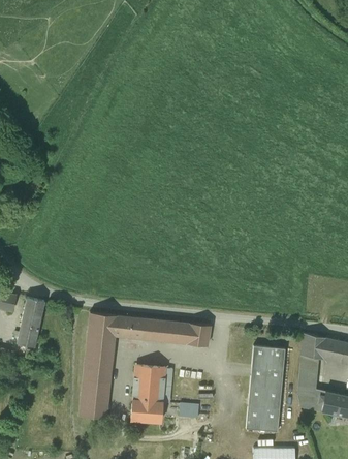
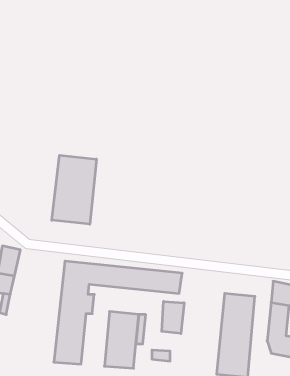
building: none -> [52,155,96,224]
building: none -> [162,301,184,334]

